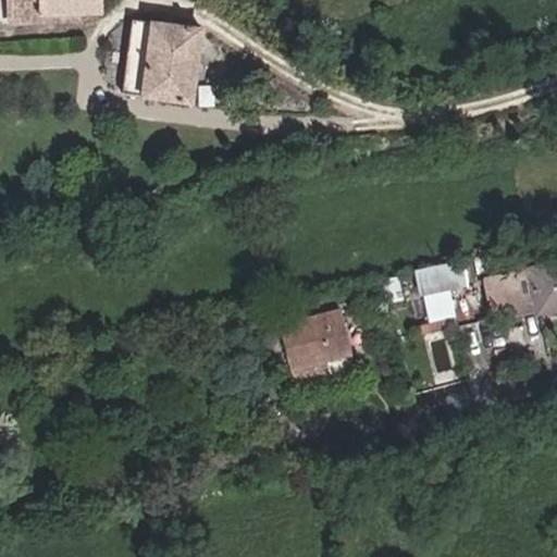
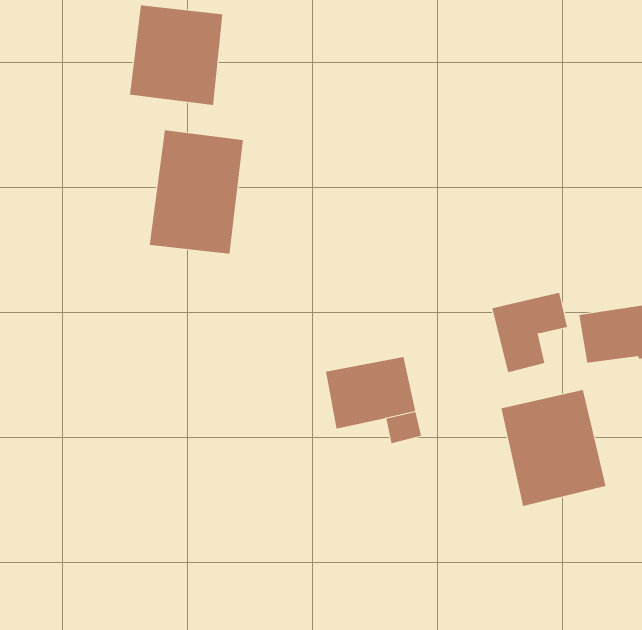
building: none -> [149,129,244,254]
building: none -> [501,389,606,507]

